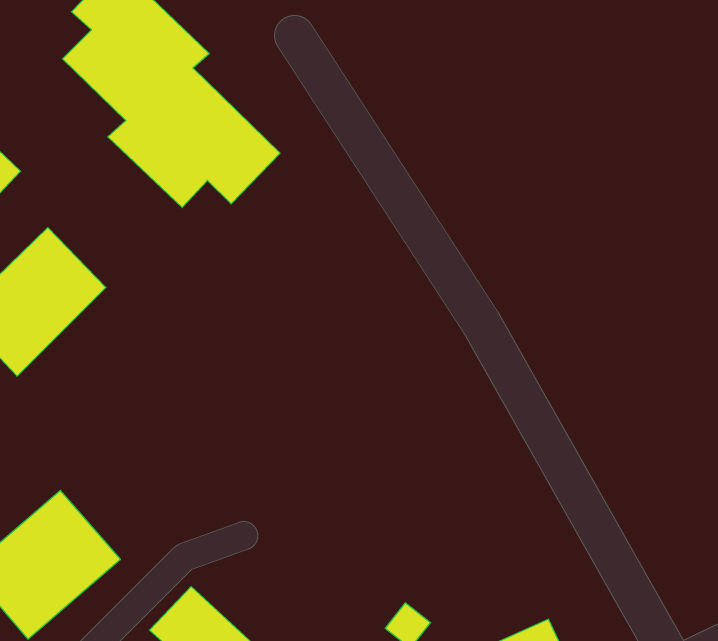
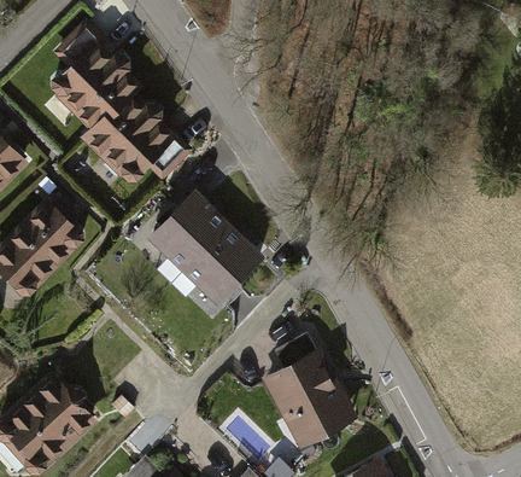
building: none -> [144,191,259,306]
building: none -> [262,351,349,447]

